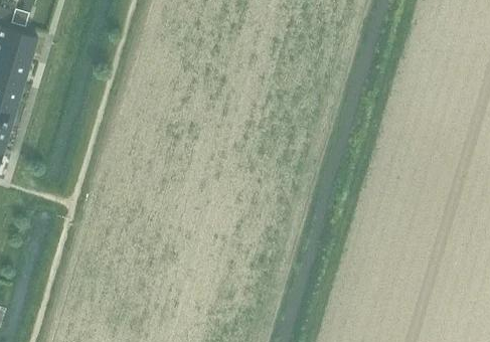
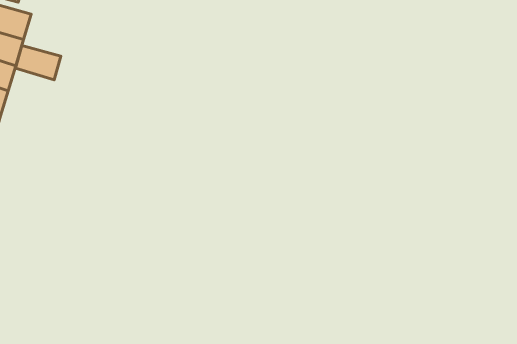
building: none -> [15,46,61,80]

